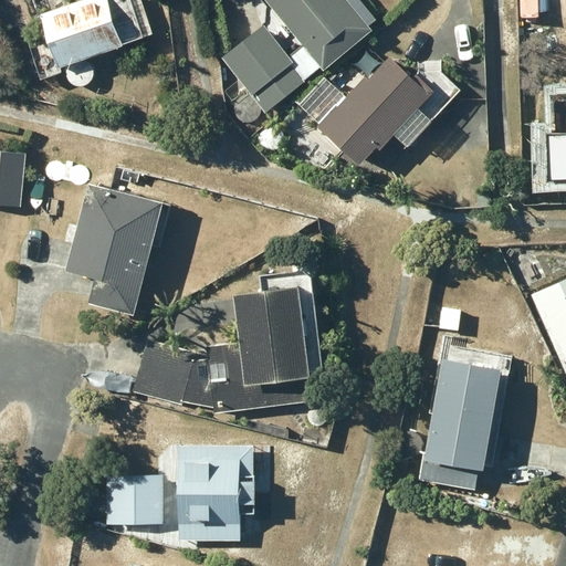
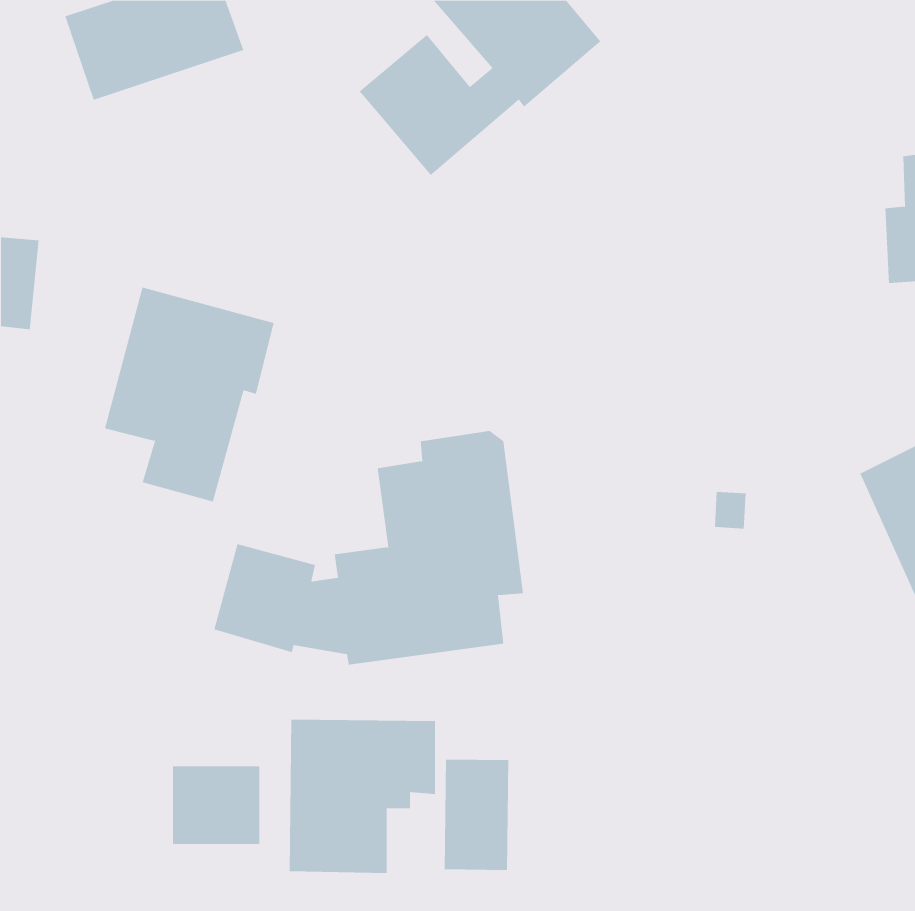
building: [302,55,432,164] -> none
building: [421,358,503,490] -> none
building: none -> [444,759,509,871]

